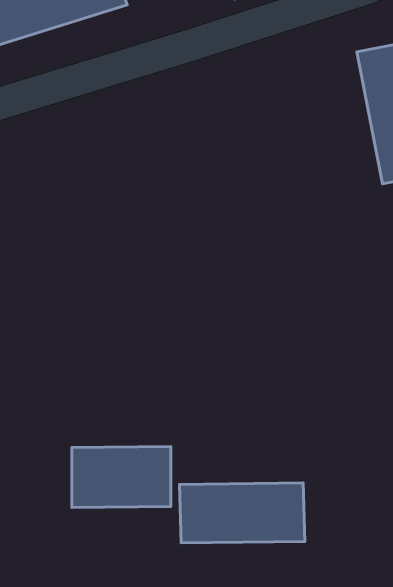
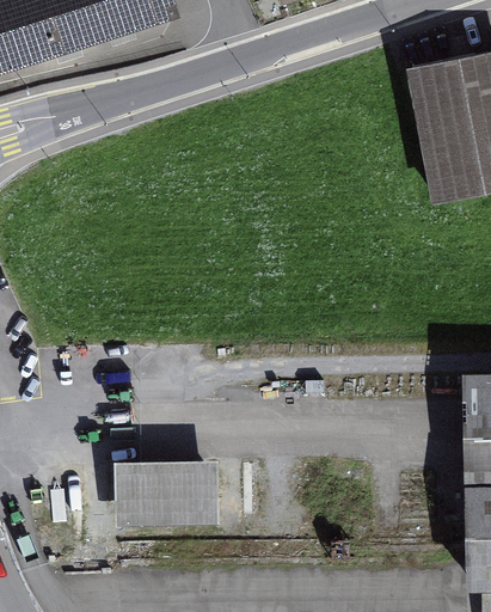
building: [180,483,305,543] -> none

